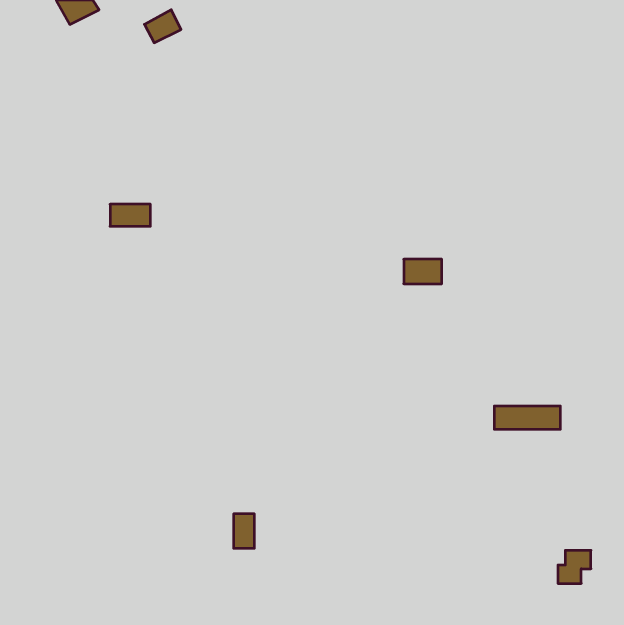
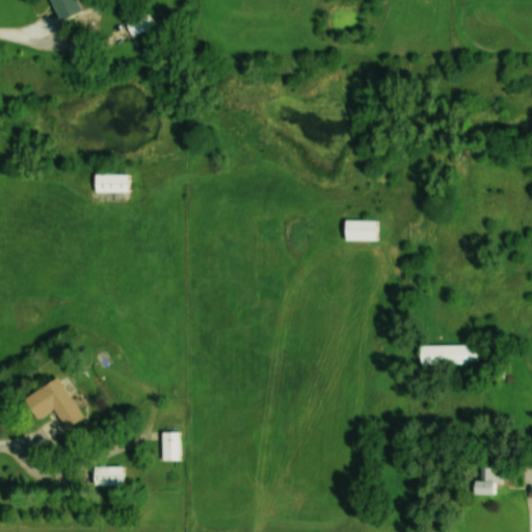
building: none -> [24,376,83,428]
building: [234,514,254,548] -> [161,431,179,460]
building: none -> [95,467,122,485]

